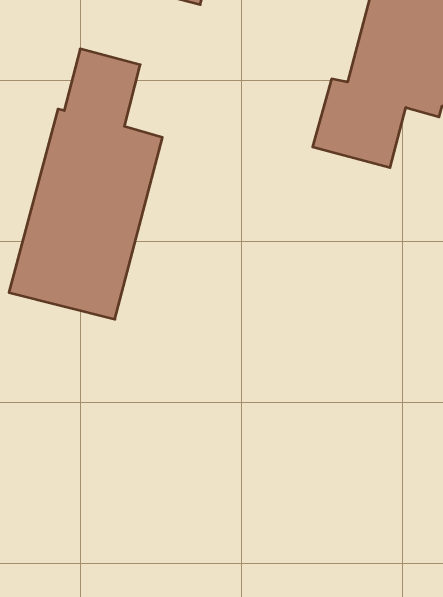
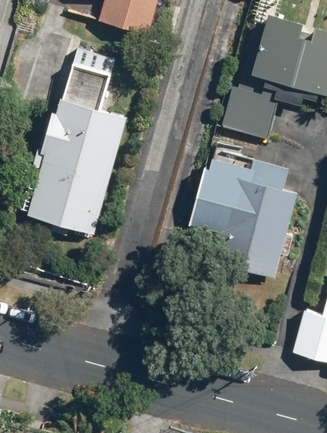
building: none -> [188,159,296,265]

